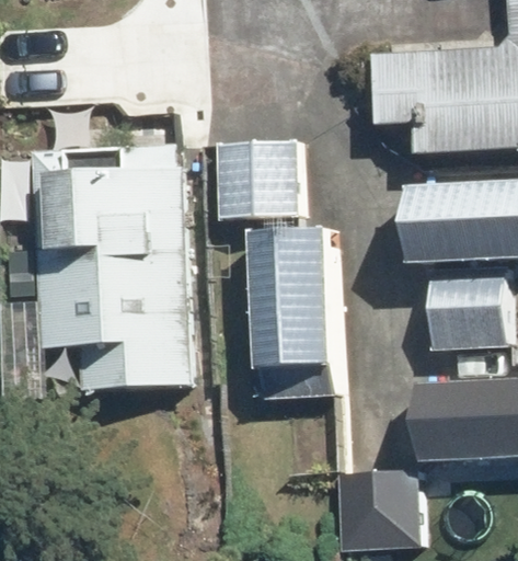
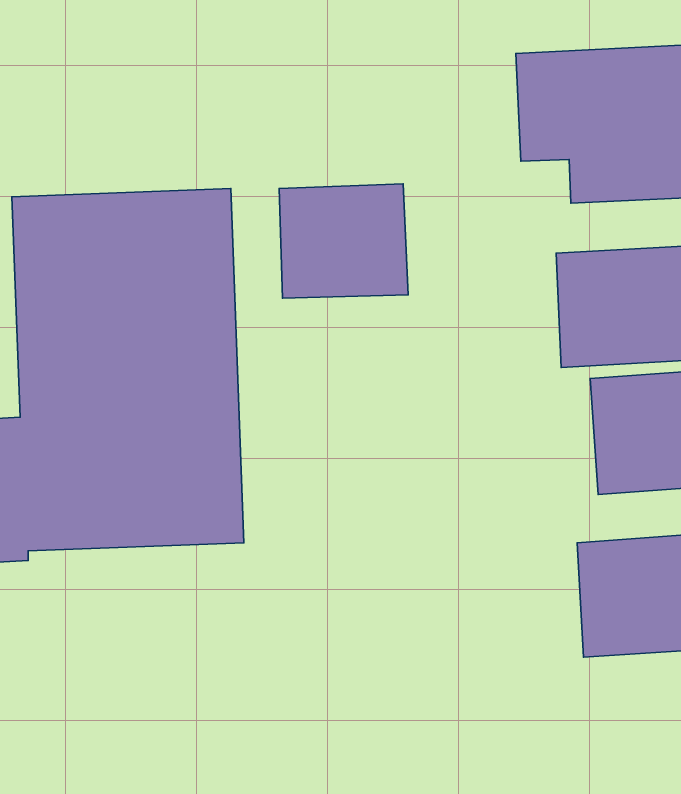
building: [250,229,332,370] -> none
building: [336,469,424,550] -> none

